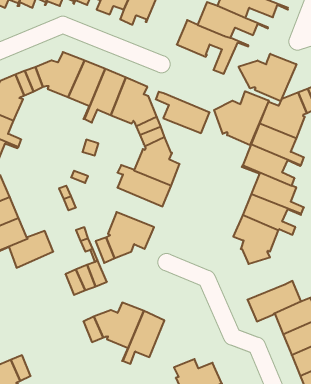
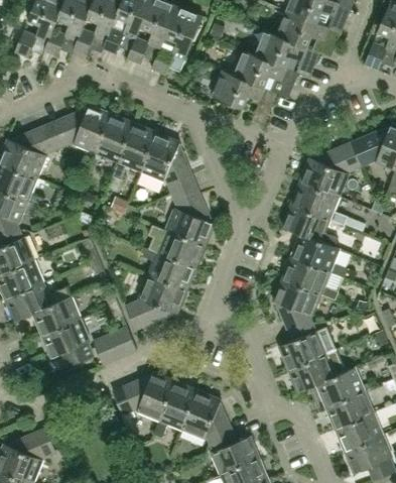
building: [239,54,296,101] -> none
building: [214,91,269,145] -> none
building: [156,92,210,133] -> [139,247,196,291]
building: none -> [40,318,93,366]
building: none -> [278,324,327,369]
building: none -> [182,391,231,442]

